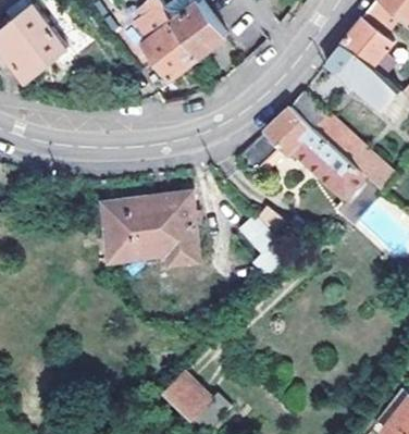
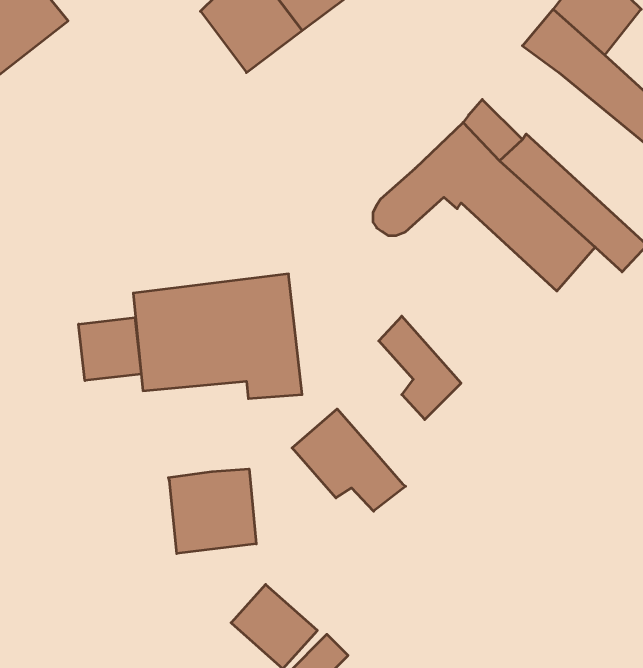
building: none -> [79,317,141,381]
building: none -> [292,409,406,511]
building: none -> [168,469,256,554]

